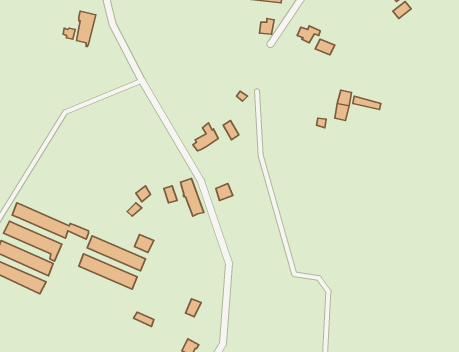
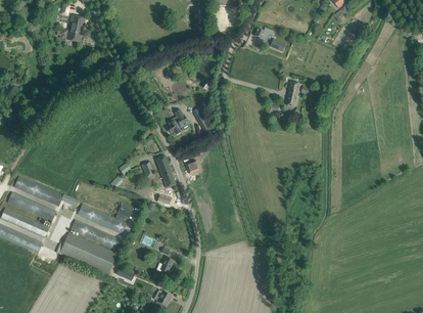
building: none -> [59,232,118,275]

